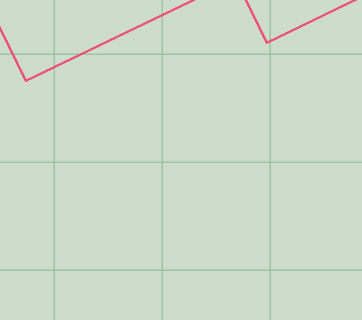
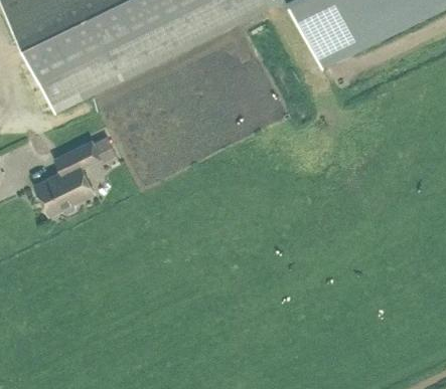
building: none -> [32,138,114,216]

